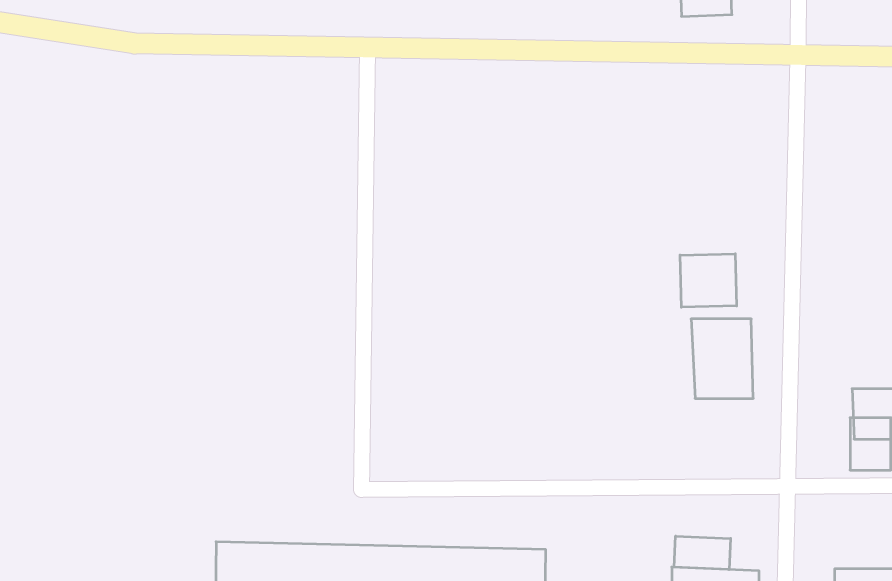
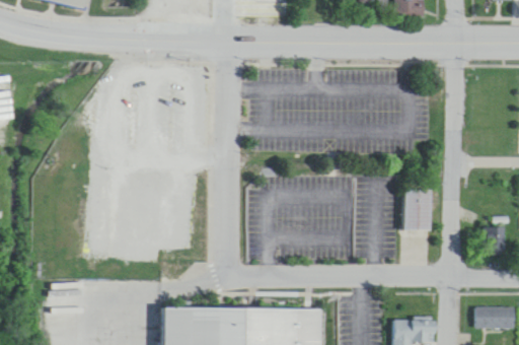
building: [680,254,737,307] -> none
building: [674,536,731,570] -> none

